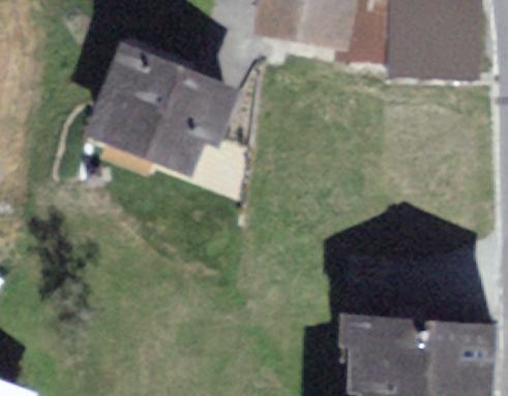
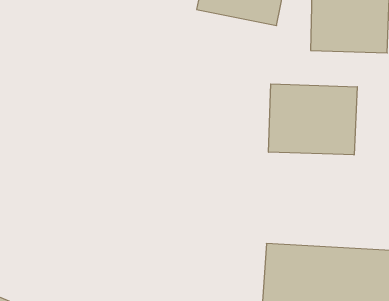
building: [91,45,246,171] -> none
building: none -> [269,84,357,155]

